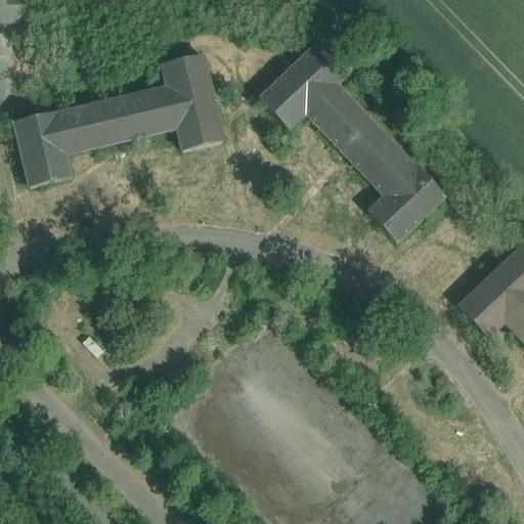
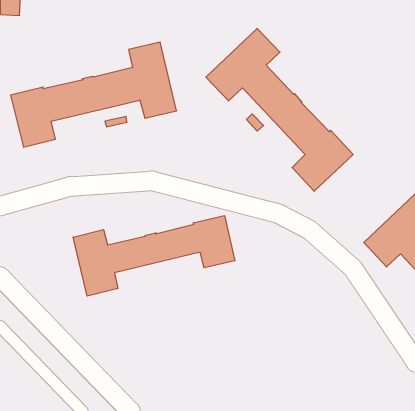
building: none -> [73,216,235,296]

